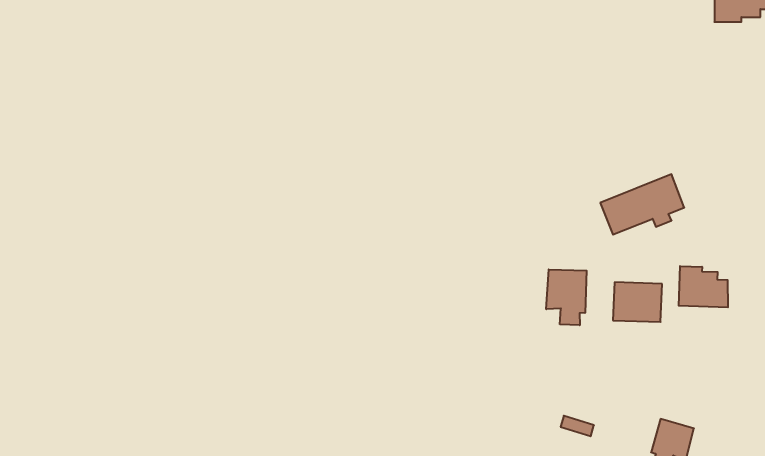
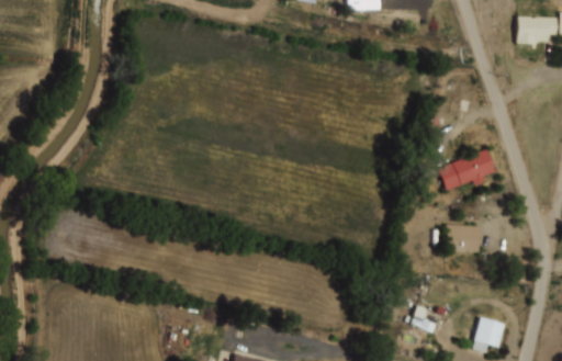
building: [679,266,728,307] -> none
building: [546,269,587,325] -> none

